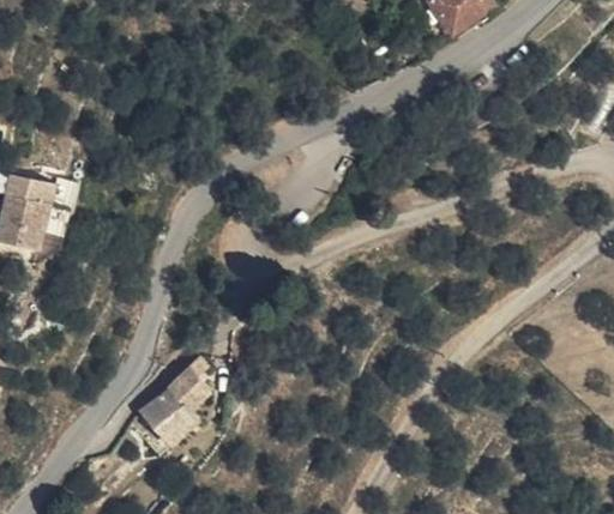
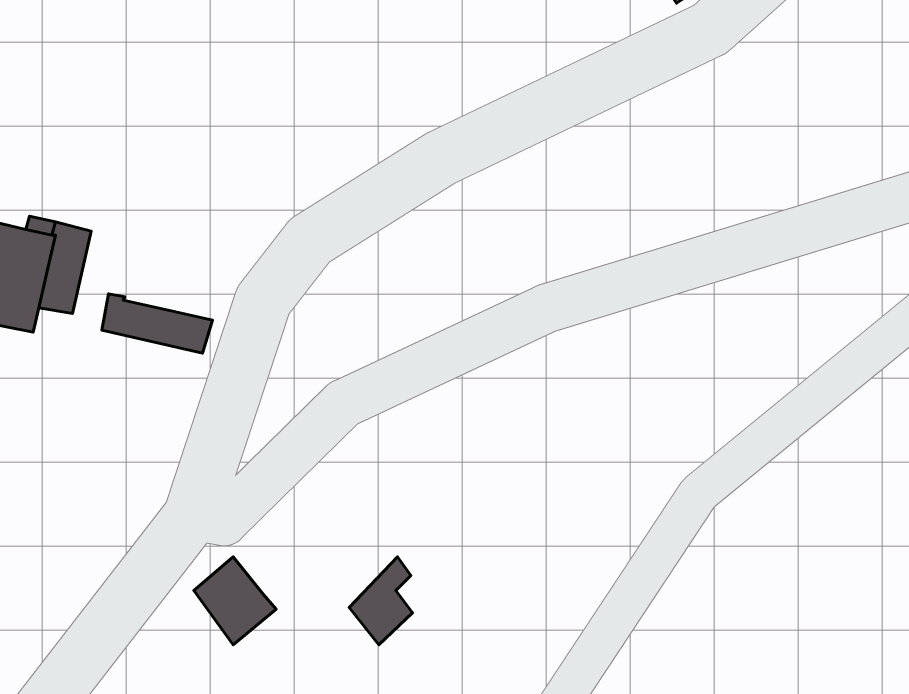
building: none -> [102,294,213,353]
building: [165,358,206,415] -> [349,557,413,645]

